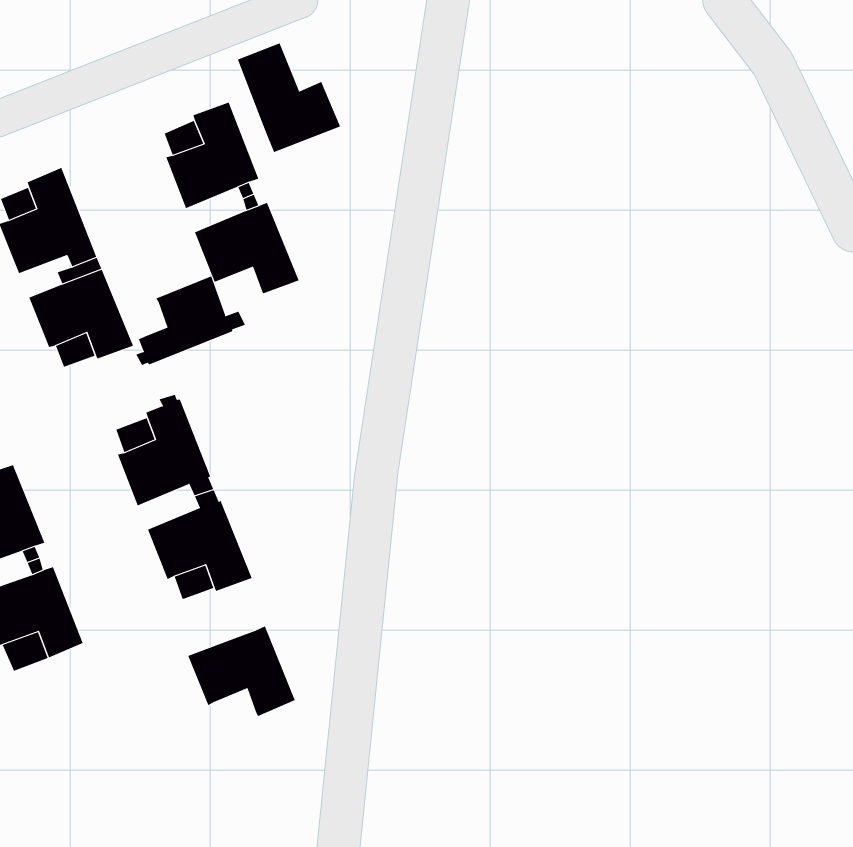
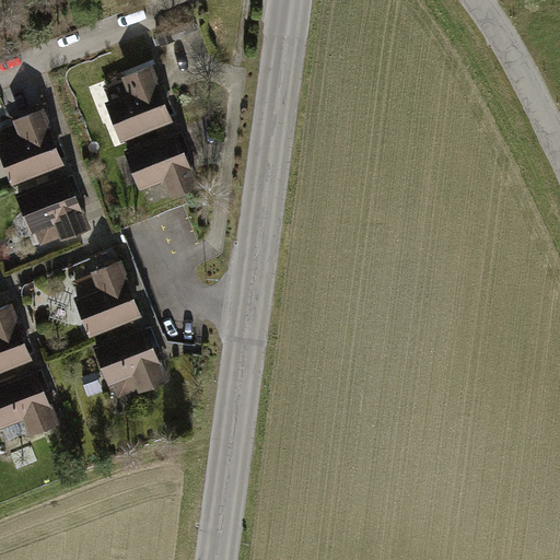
building: [237,42,341,153] -> none
building: [136,276,246,366] -> none
building: [187,625,295,717] -> none

